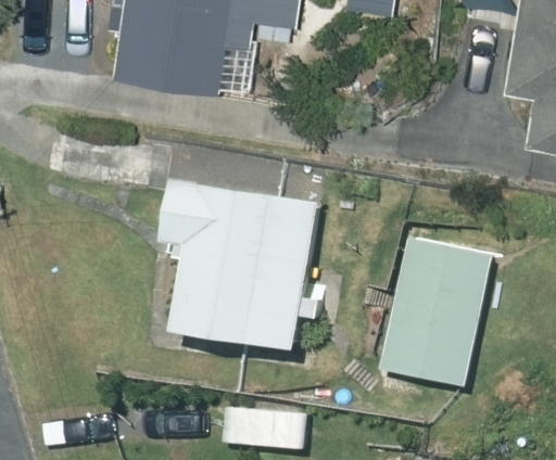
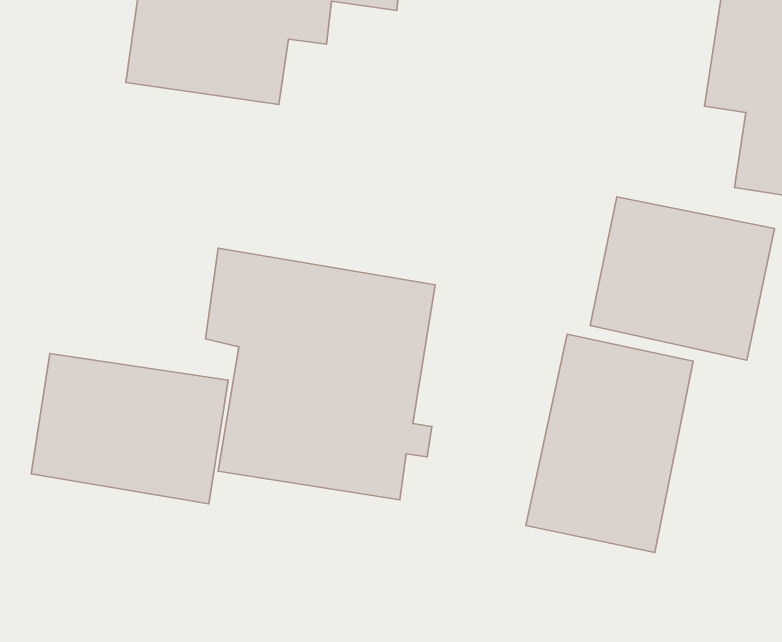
building: none -> [590,197,774,360]
building: none -> [31,353,228,504]

